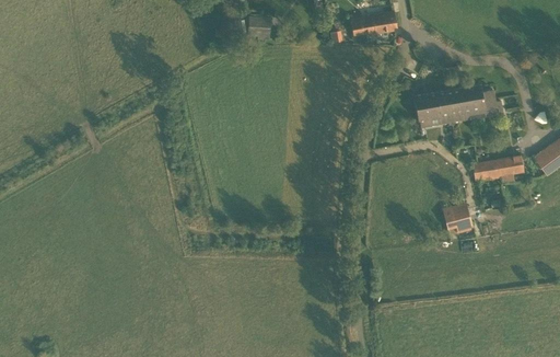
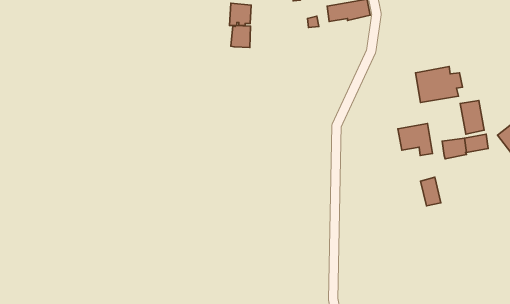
building: none -> [231,26,251,48]
building: [413,91,451,125] -> [398,124,433,155]
building: none -> [460,101,484,134]

